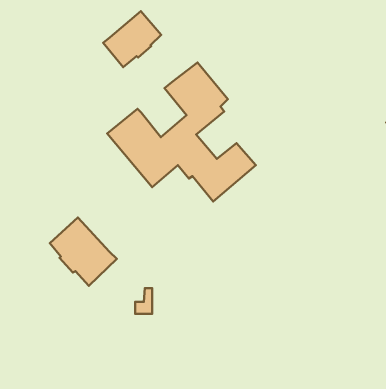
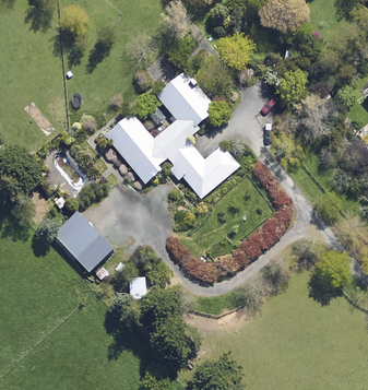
building: [103,11,161,67] -> none

